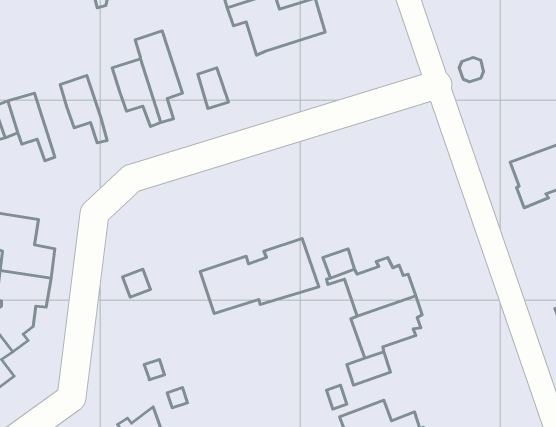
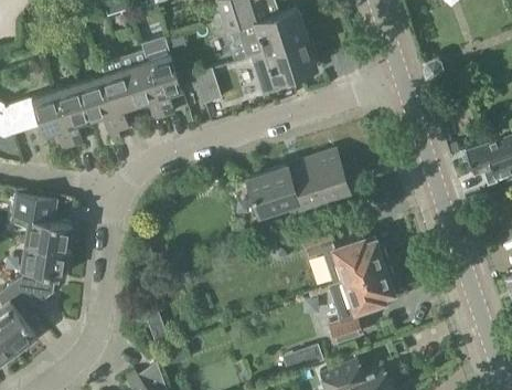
building: none -> [254,39,316,94]
building: none -> [99,70,134,133]
building: none -> [54,84,88,147]
building: [200,238,319,314] -> [247,150,350,215]

